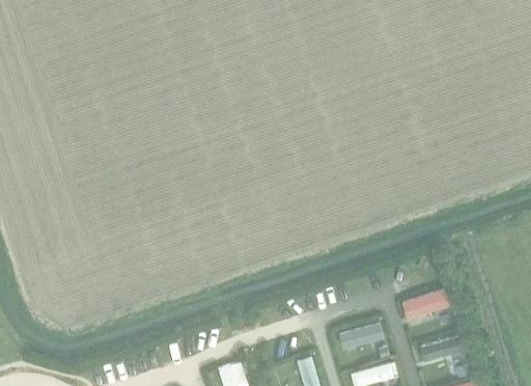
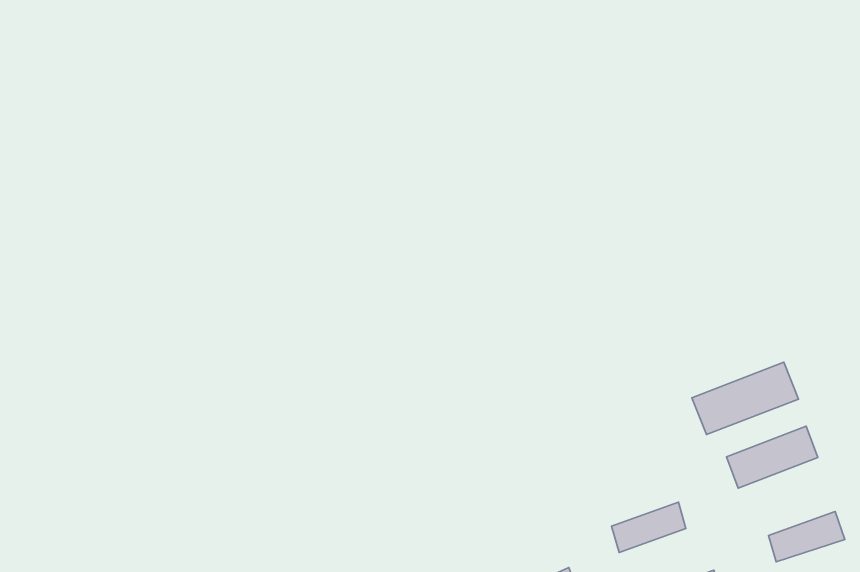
building: none -> [692,362,798,435]

